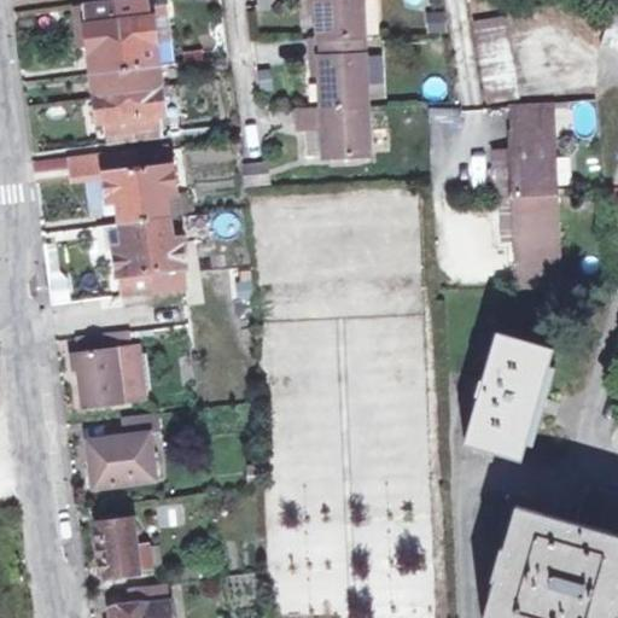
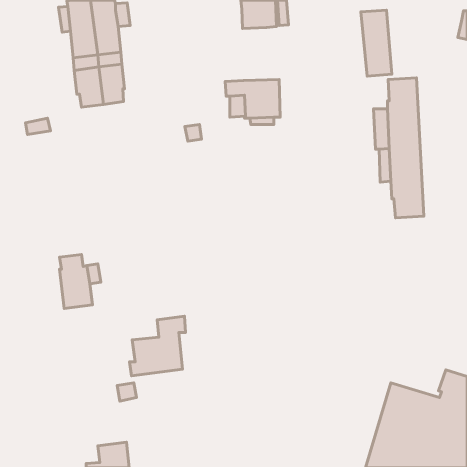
building: [311,37,368,107] -> none
building: [70,146,185,296] -> none
building: [464,334,553,461] -> none
building: [87,413,161,491] -> [130,316,185,376]
building: [100,515,138,579] -> none

